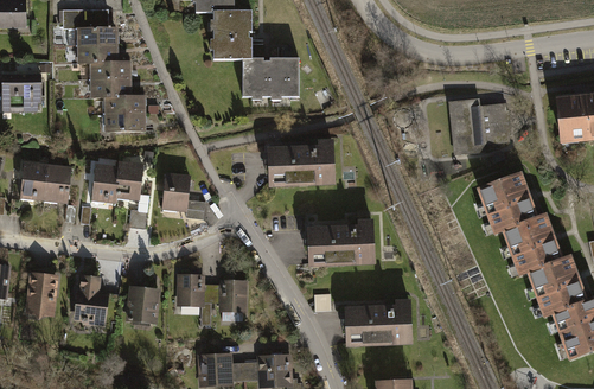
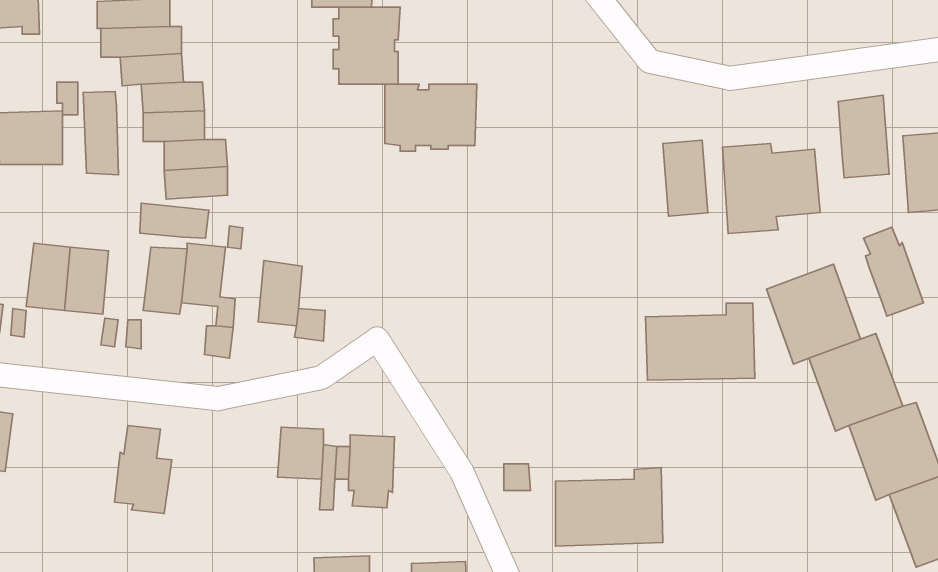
building: none -> [83,91,119,175]
building: none -> [838,95,889,178]
building: none -> [663,140,708,216]
building: none -> [140,203,209,238]
building: [268,138,334,185] -> none
building: none -> [863,227,923,316]
building: [308,218,376,266] -> [646,303,755,380]
building: [25,267,59,318] -> none
building: [124,283,160,325] -> none

